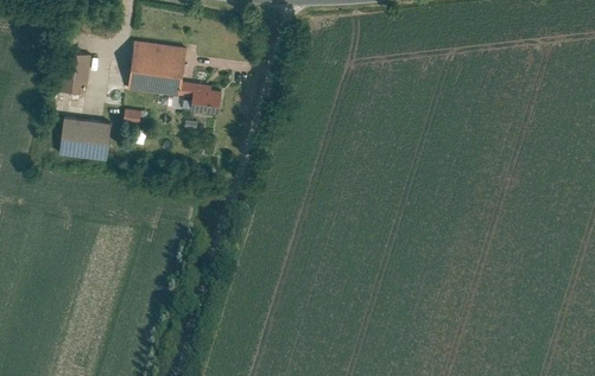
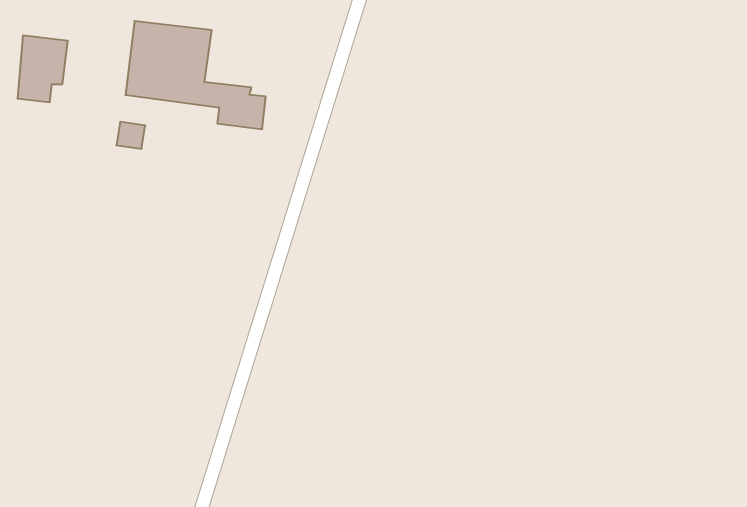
building: [59,116,112,160] -> none

